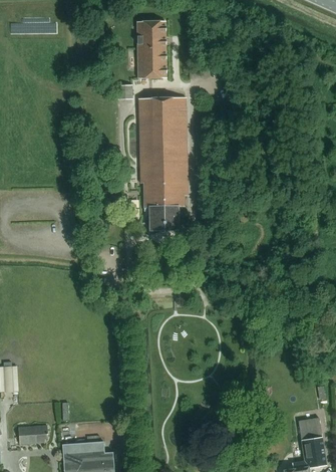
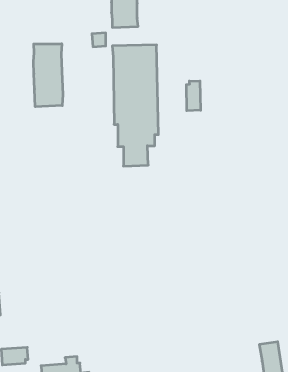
building: none -> [33,44,63,107]
building: none -> [186,81,201,111]

